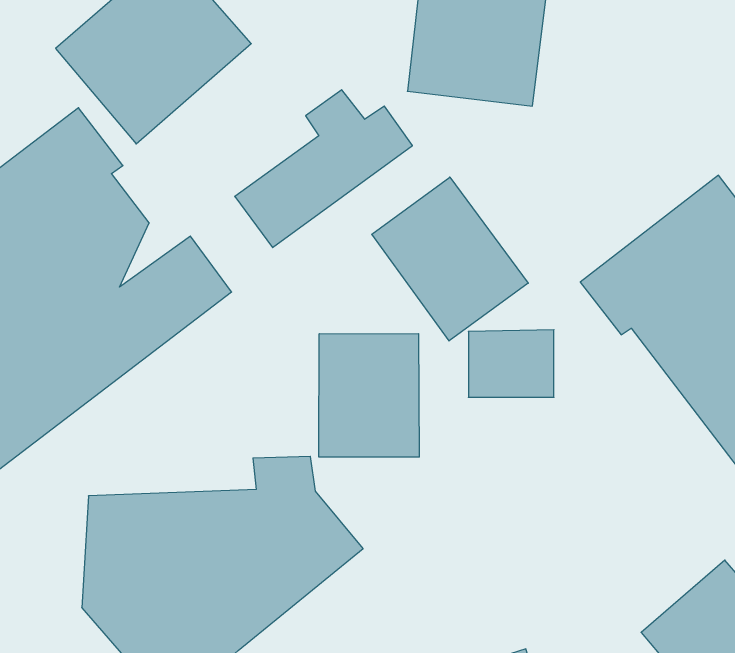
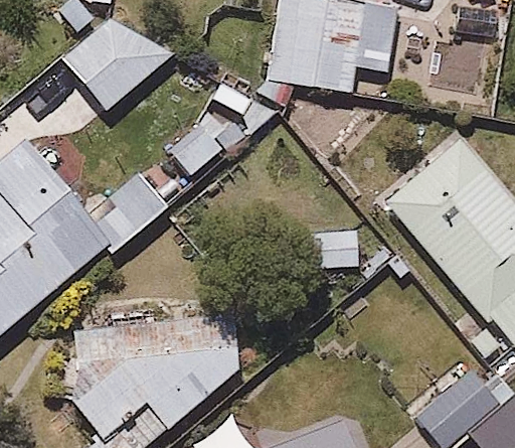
building: [372,177,528,341] -> none
building: [319,334,419,457] -> none

